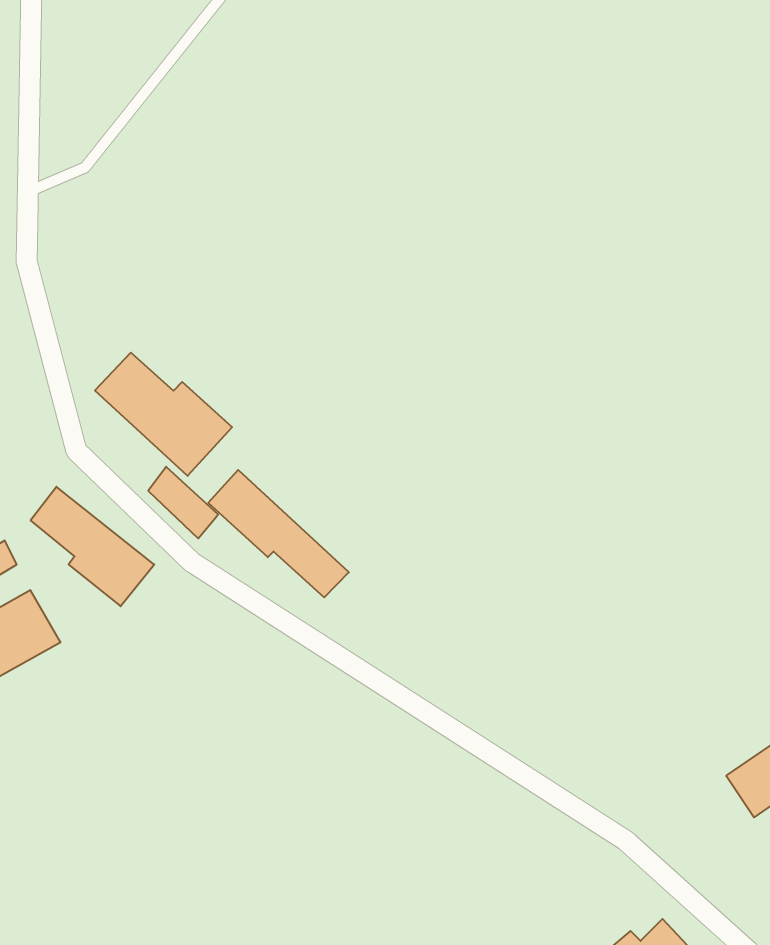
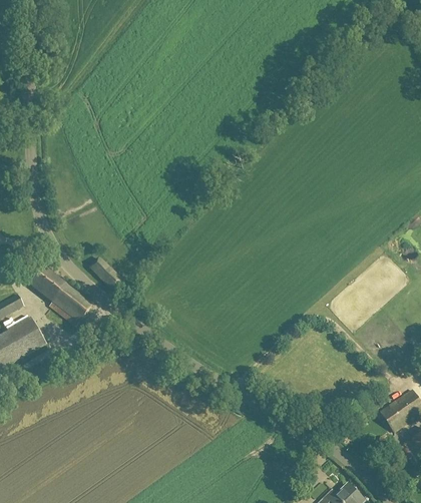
building: [95,353,232,476] -> none
building: [208,470,349,597] -> none

